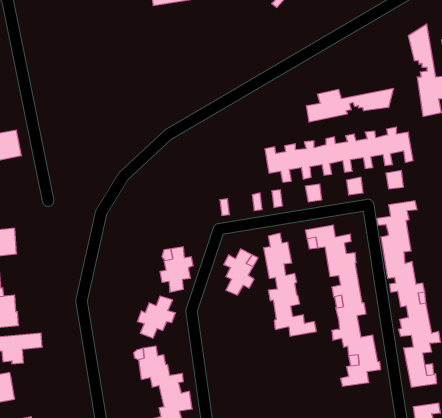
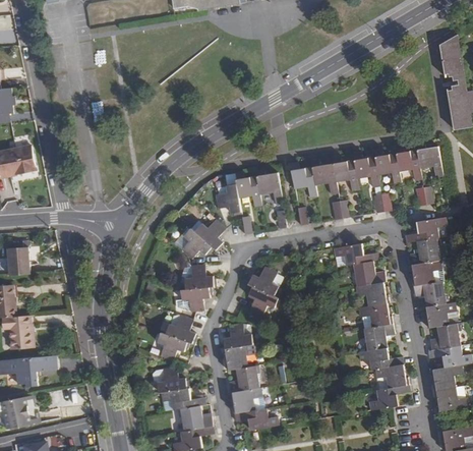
building: [307,88,393,122] -> none
building: none -> [216,166,283,211]
building: none -> [181,218,226,259]
building: [263,233,316,336] -> [223,323,278,430]

